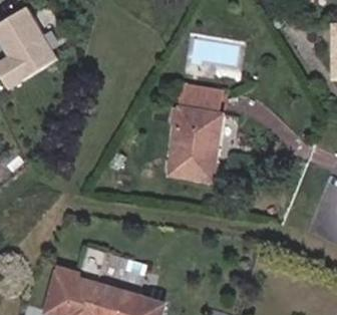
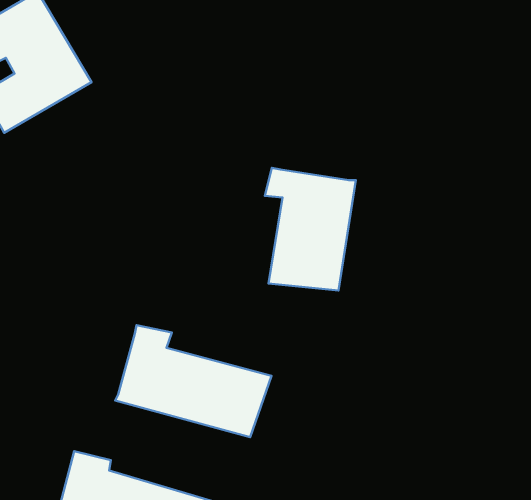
building: [171,86,213,114] -> none
building: none -> [115,325,272,437]

